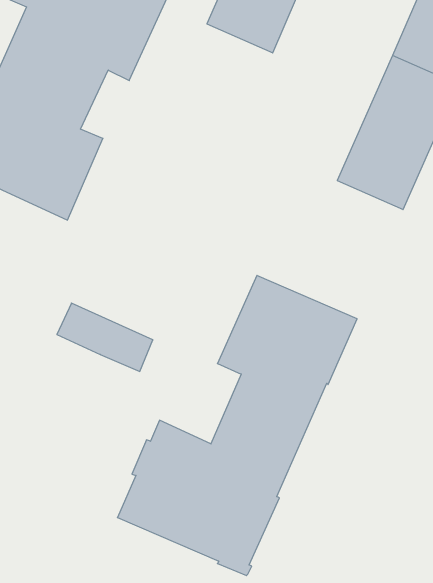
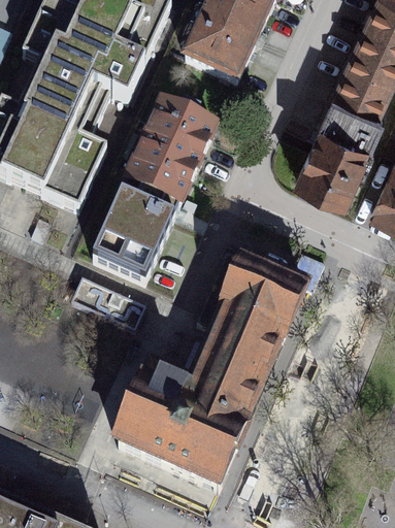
building: none -> [94,102,217,280]

